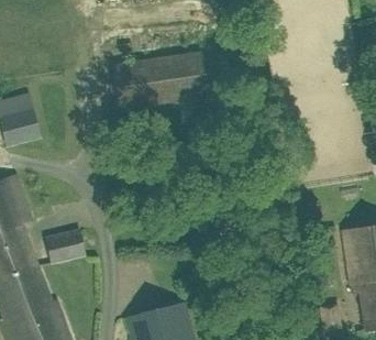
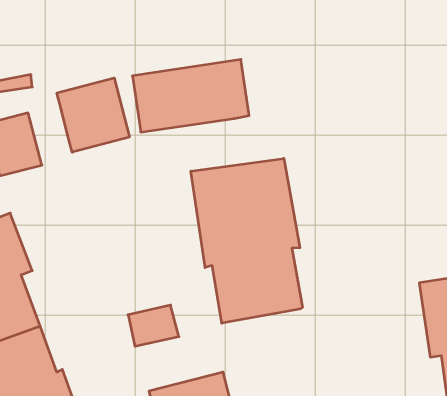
building: none -> [57,78,129,152]
building: none -> [191,158,302,323]
building: [45,229,86,262] -> [128,305,179,346]

